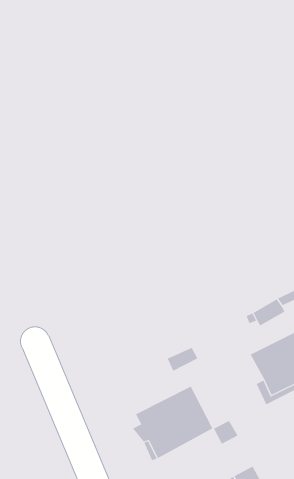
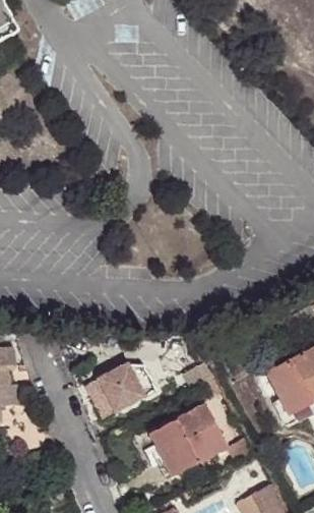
building: none -> [101,361,159,409]

